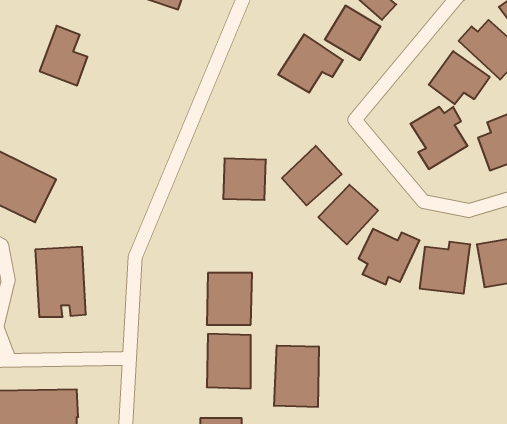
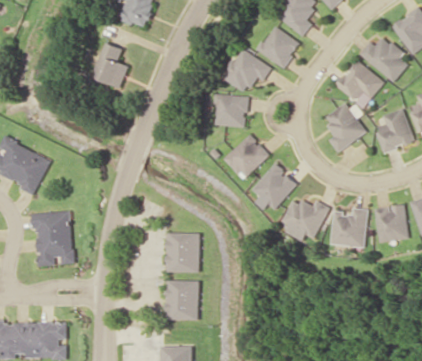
building: [40,26,88,85] -> [91,42,128,88]
building: [223,158,266,200] -> [214,95,247,127]
building: [274,345,319,407] -> none

